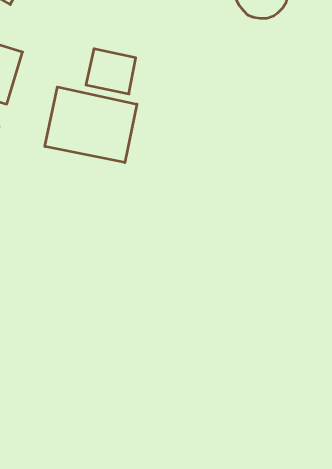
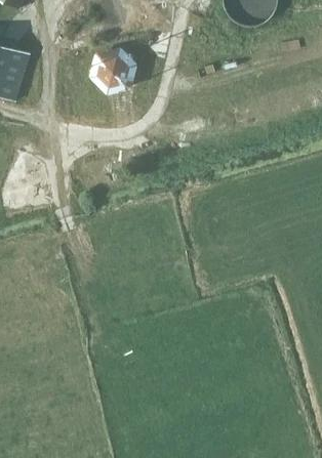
building: [45,87,137,163] -> none

